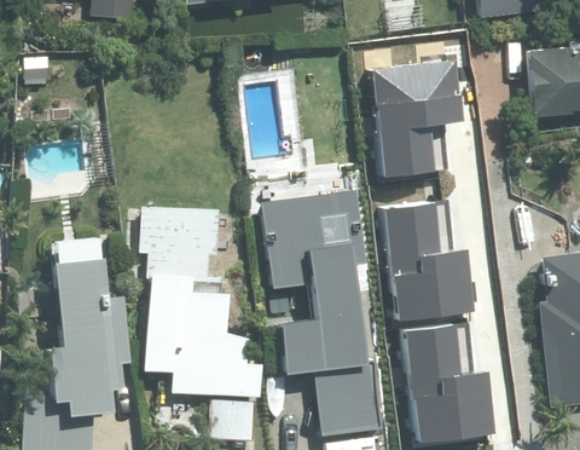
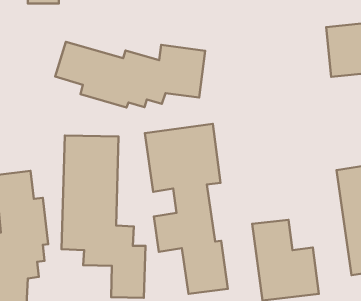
building: [381,59,471,174] -> none
building: none -> [55,42,205,107]
building: [391,204,487,322] -> none

